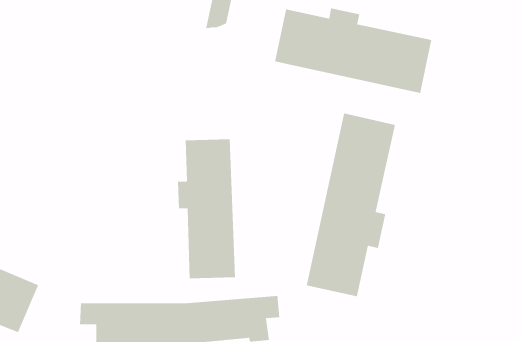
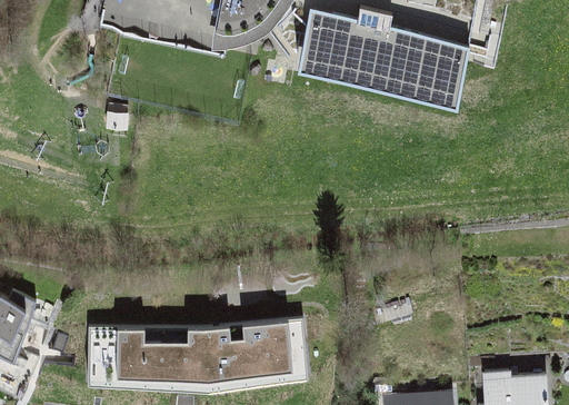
building: [306,112,396,297] -> none
building: [177,139,236,279] -> none

